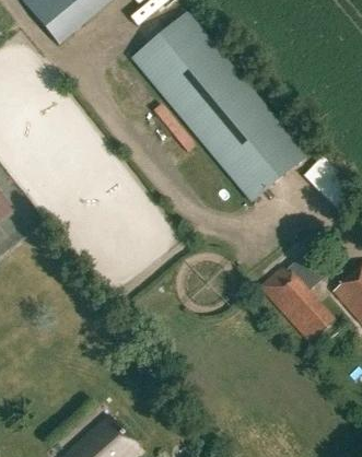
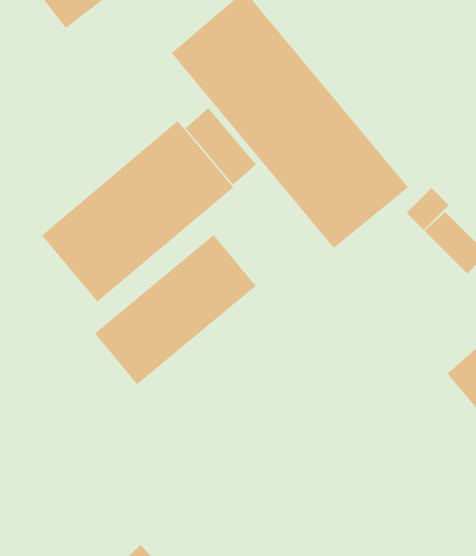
building: none -> [41,120,234,303]
building: none -> [94,234,256,385]
building: [259,258,335,342] -> none

